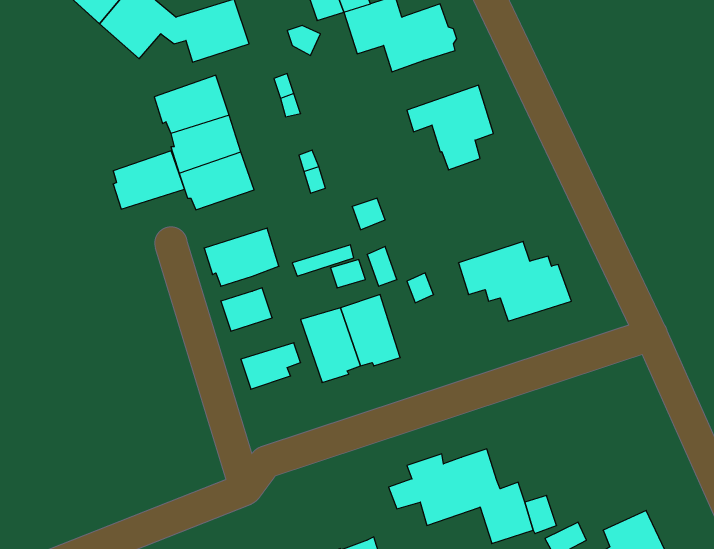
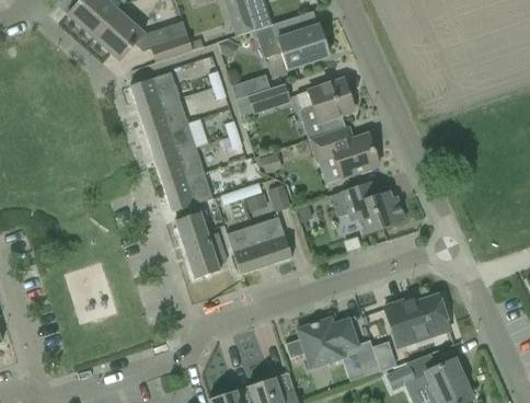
building: none -> [235,83,290,116]
building: [113,151,184,209] -> [157,147,204,185]
building: none -> [309,125,378,177]
building: none -> [180,231,221,258]
building: none -> [383,295,448,346]

